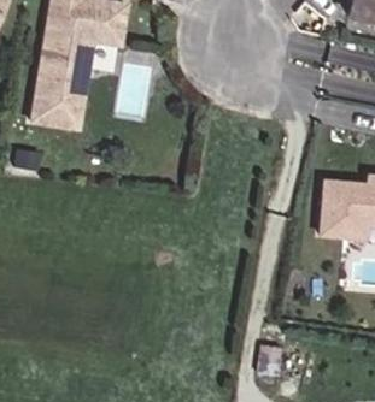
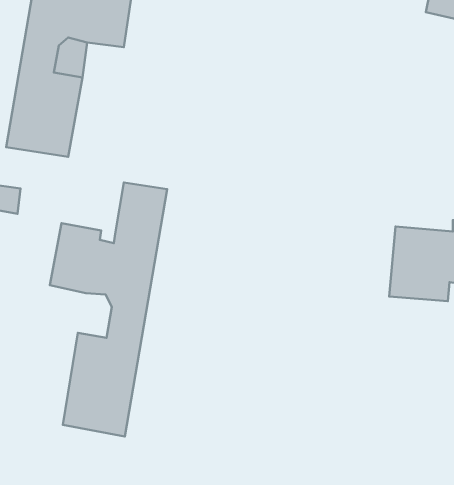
building: none -> [50,182,167,437]

